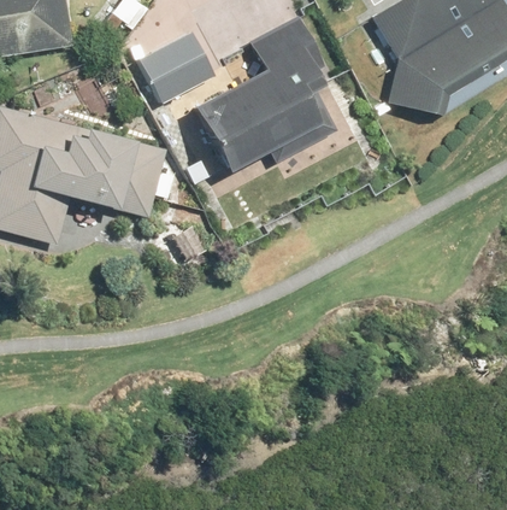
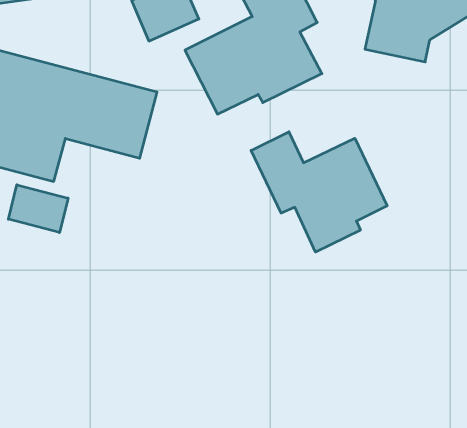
building: none -> [251,132,387,252]
building: none -> [8,185,68,233]

